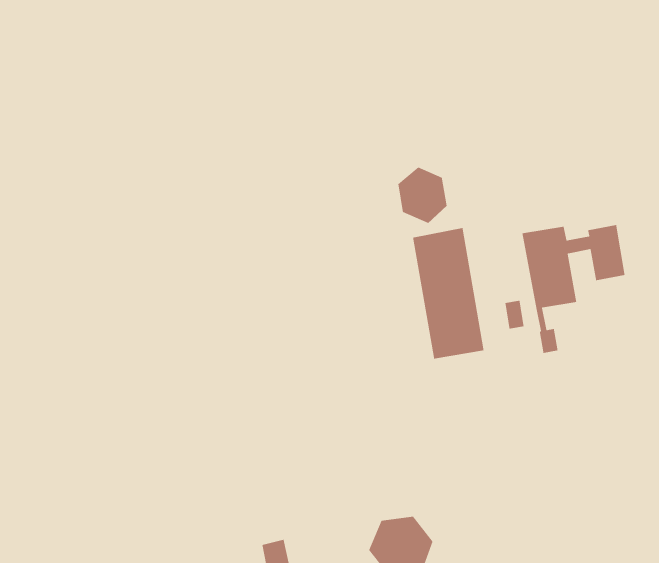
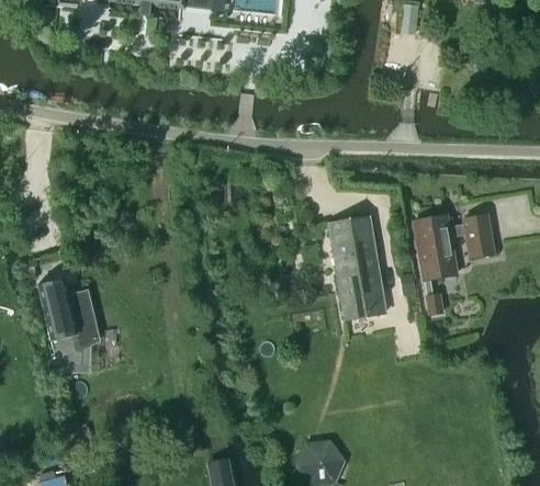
building: [397,167,447,224] -> none
building: none -> [37,279,97,372]

